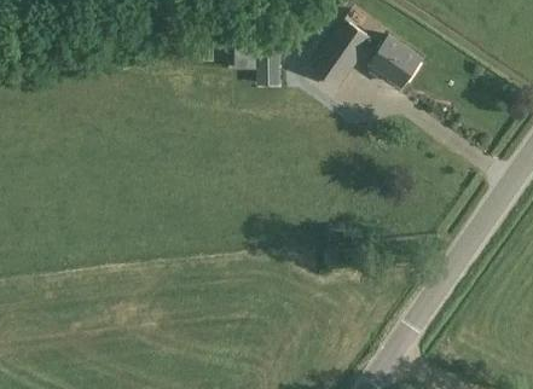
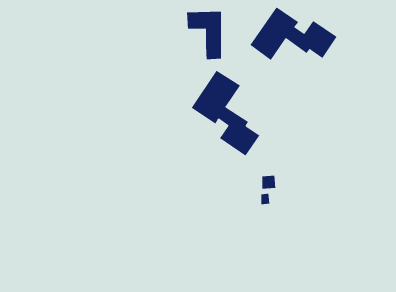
building: none -> [191,70,260,156]

